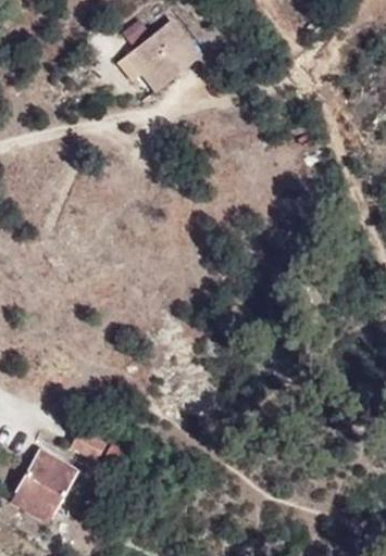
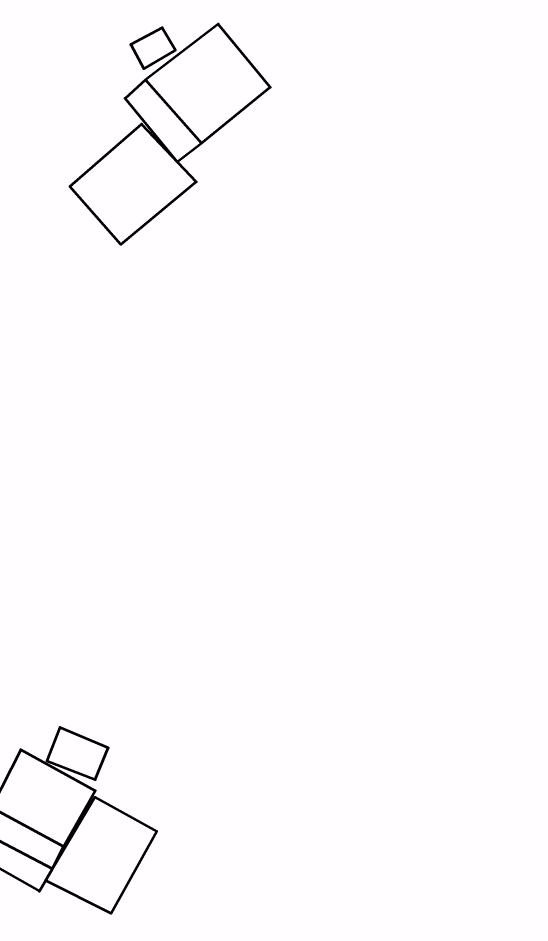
building: none -> [70,124,196,244]
building: none -> [46,797,157,913]

